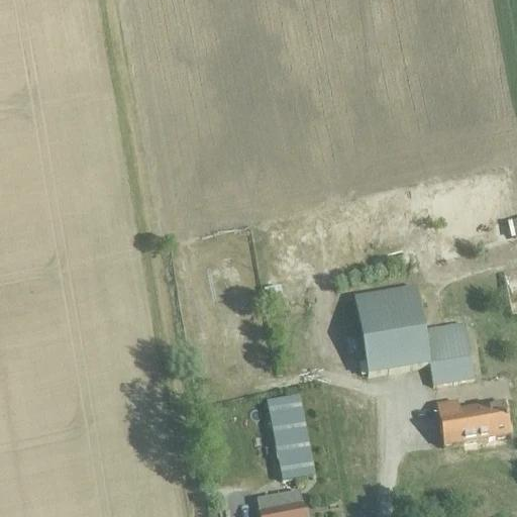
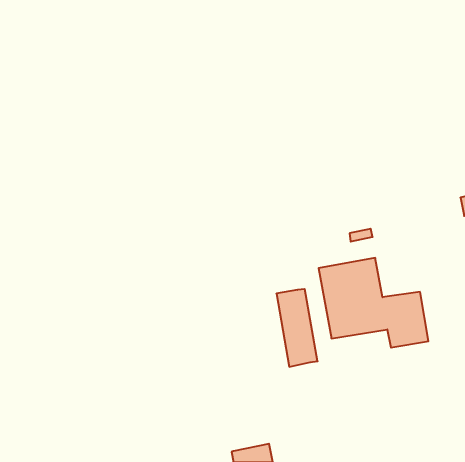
building: [269,394,314,480] -> [276,289,318,367]
building: [437,399,512,444] -> none

